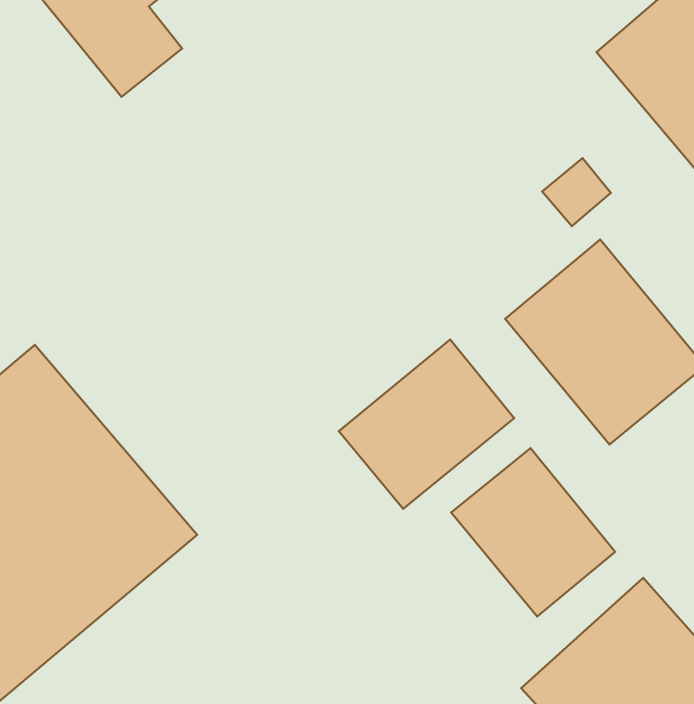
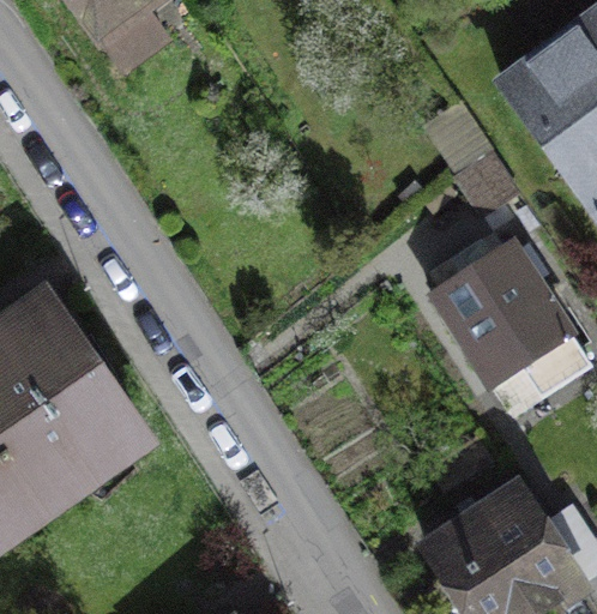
building: [339,340,514,509] -> none
building: [451,448,615,617] -> none

